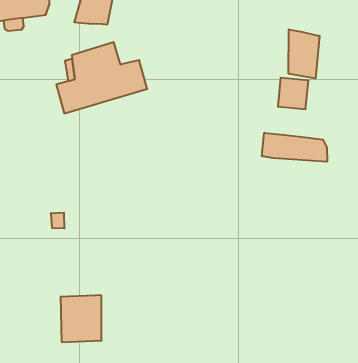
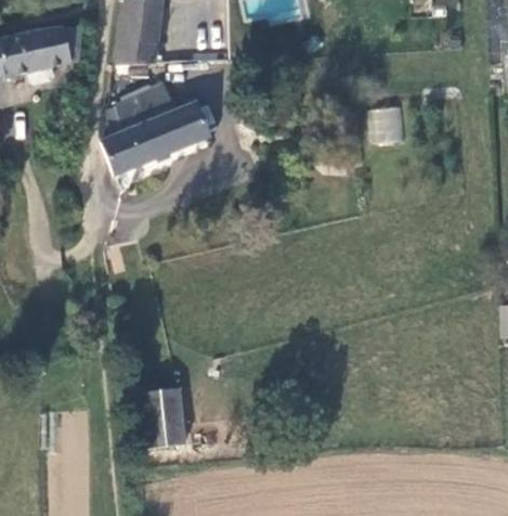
building: [289,29,320,79] -> none
building: [262,133,327,162] -> none

